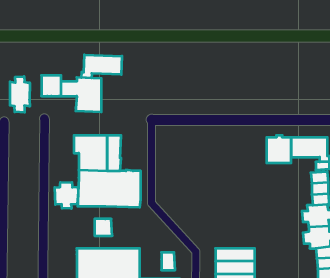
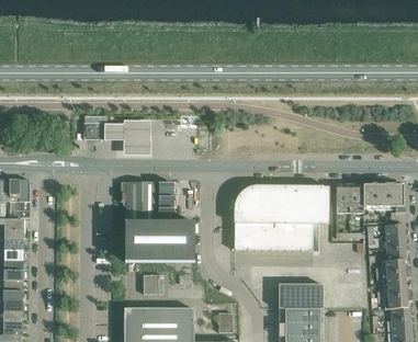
building: [81,55,122,78] -> none
building: [10,76,30,112] -> none
building: none -> [234,185,329,250]
building: [55,182,78,209] -> none
building: none -> [279,284,323,308]

